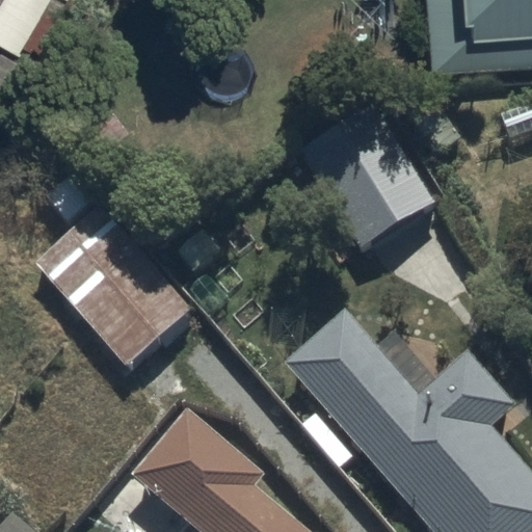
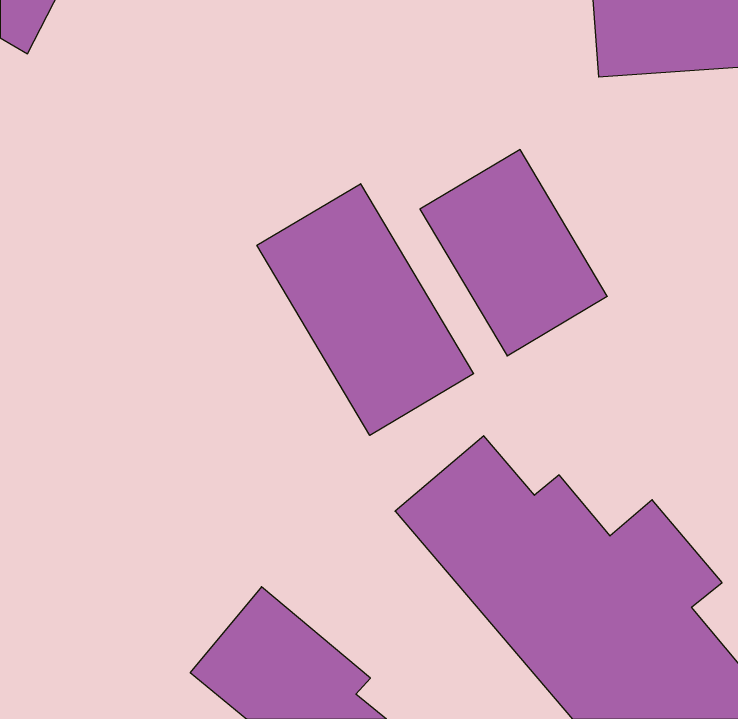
building: none -> [257,184,474,435]
building: [39,209,197,372] -> none

